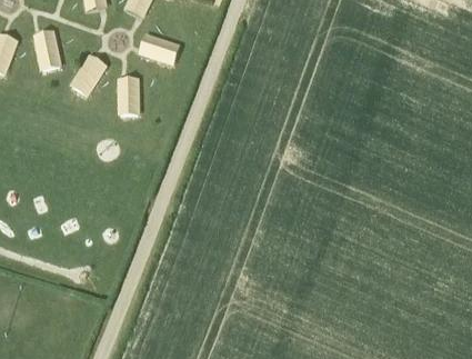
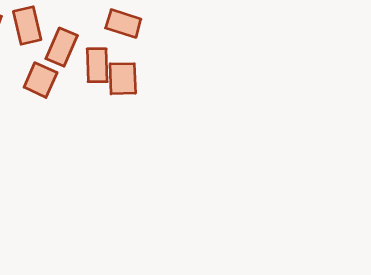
building: none -> [24,63,57,98]
building: none -> [110,64,135,94]

